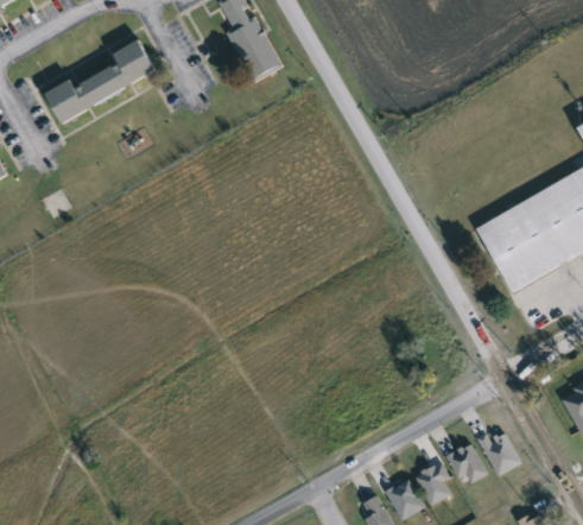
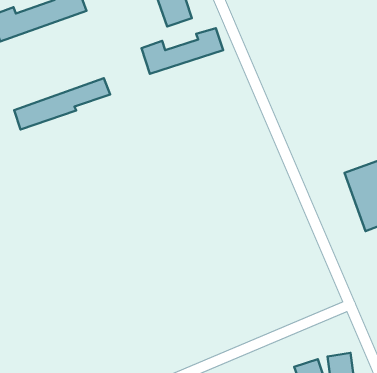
building: none -> [141,28,223,74]
building: none -> [14,78,110,129]

